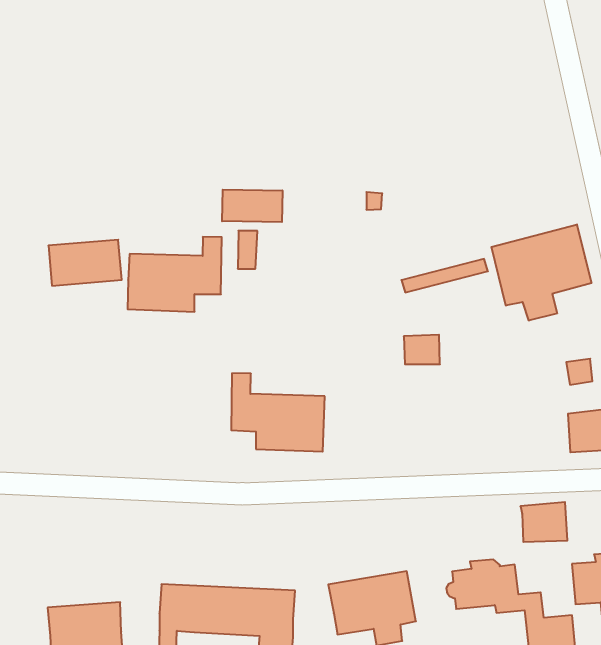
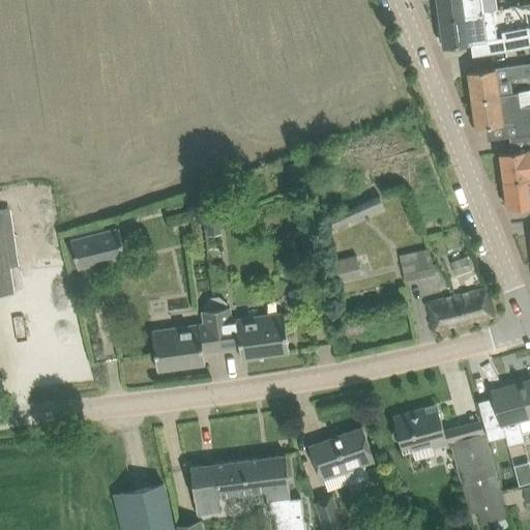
building: [222,190,282,222] -> none
building: [491,224,591,321] -> none
building: [128,237,222,312] -> [152,310,222,372]
building: none -> [401,251,435,282]
building: [520,502,567,542] -> [426,298,464,331]

